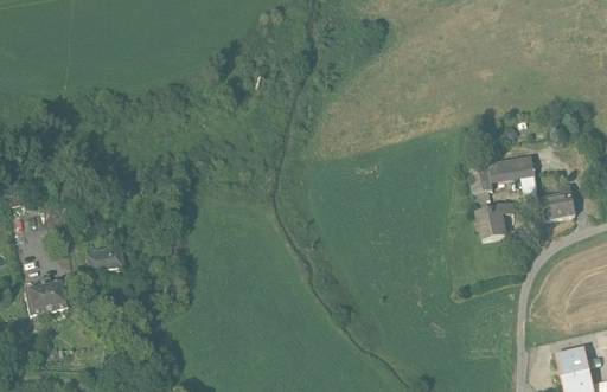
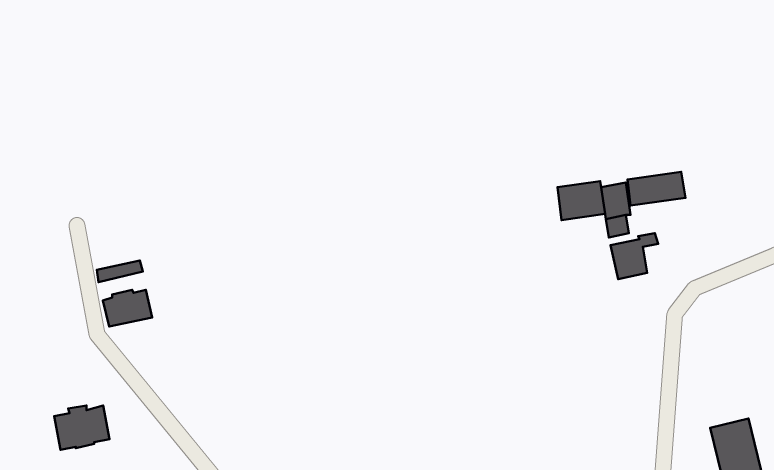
building: none -> [557,181,605,220]
building: [539,185,576,219] -> none
building: [24,279,66,314] -> [54,405,109,450]

